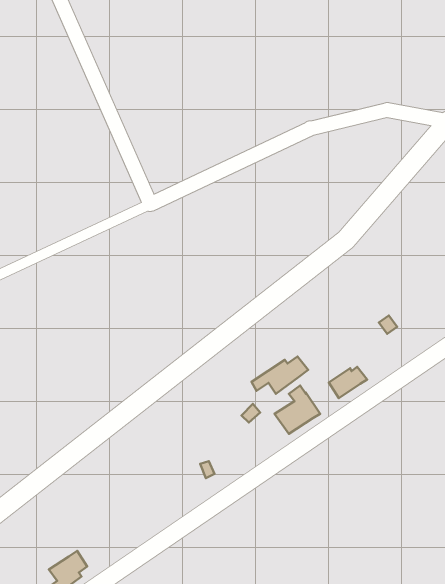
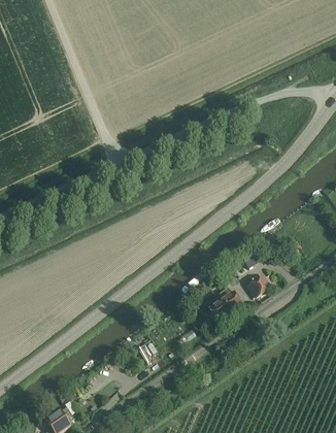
building: [251,356,308,394] -> none

